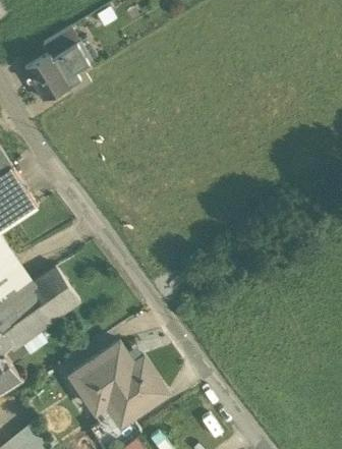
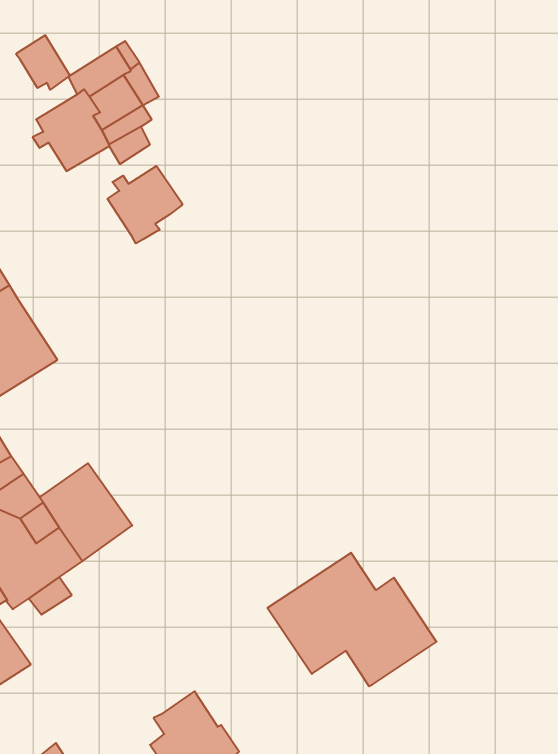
building: none -> [16,35,70,90]
building: none -> [108,166,182,243]
building: [68,340,165,416] -> [267,553,437,686]

